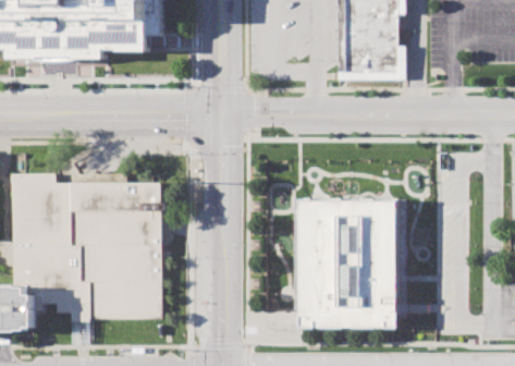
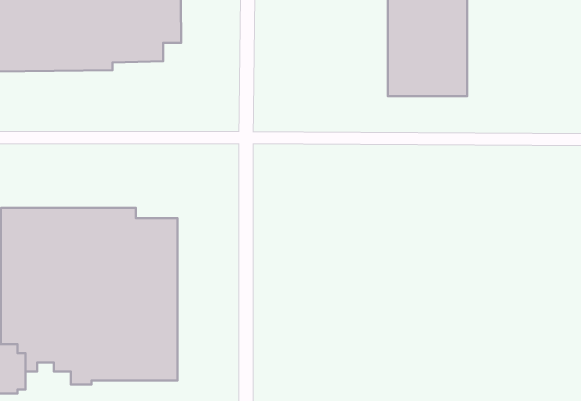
building: [299,202,402,325] -> none

